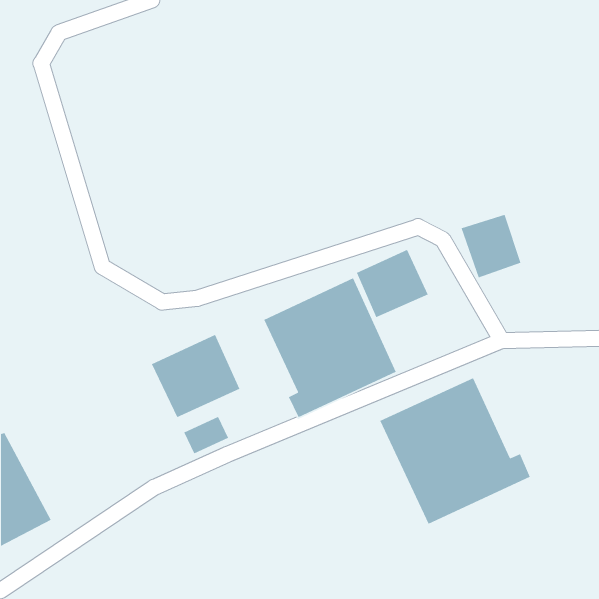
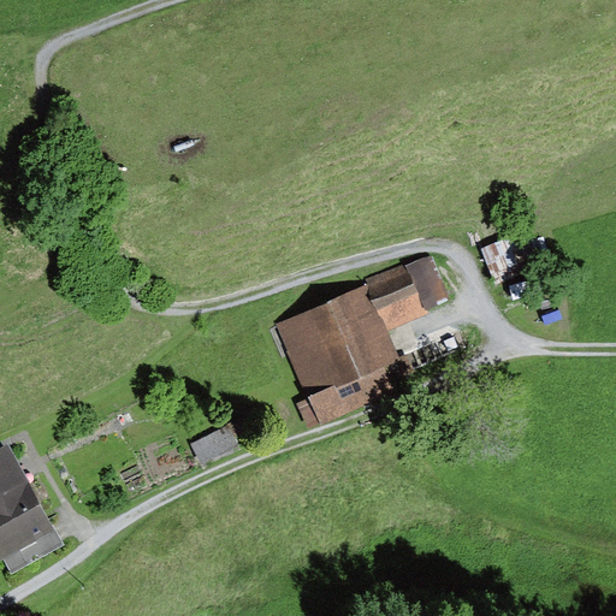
building: [151,334,240,418] -> none
building: [379,377,531,525] -> none

